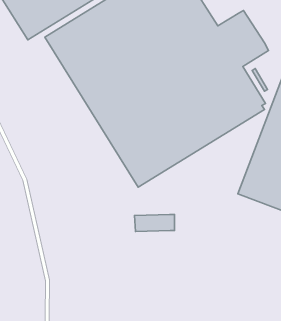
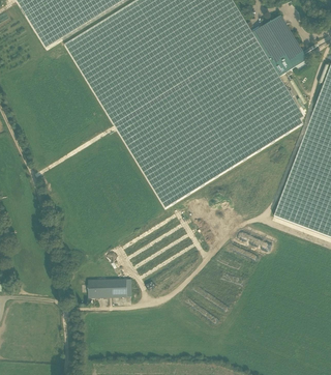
building: [135,214,174,232] -> [88,278,131,296]

